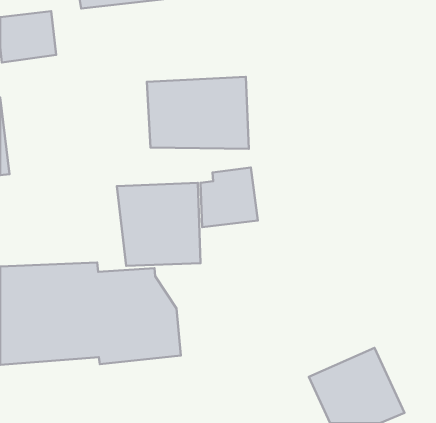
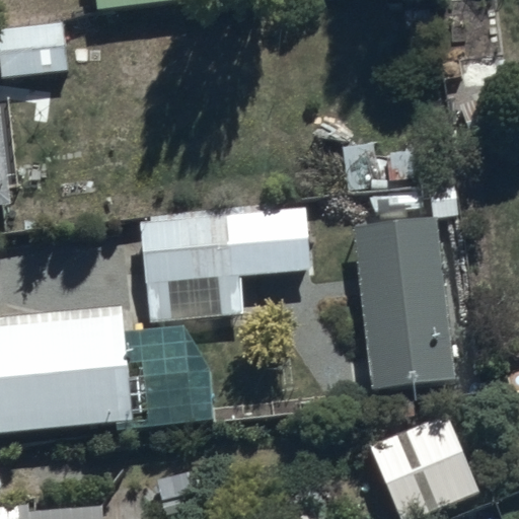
building: [147,77,249,149] -> none
building: none -> [354,218,455,387]

